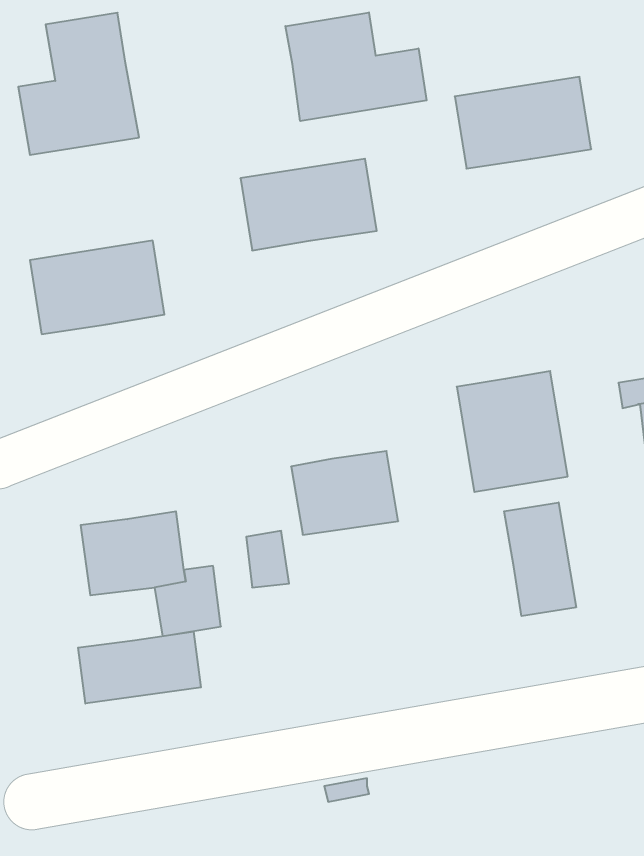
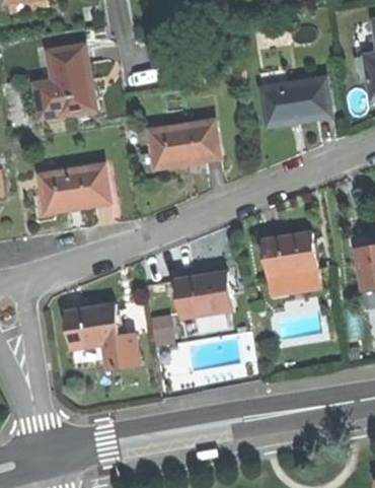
building: [285,12,427,121] -> none
building: [504,502,576,616] -> none
building: [78,632,201,704] -> none

